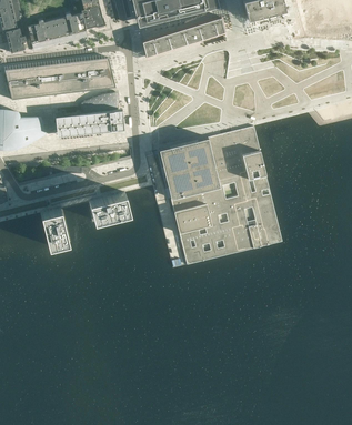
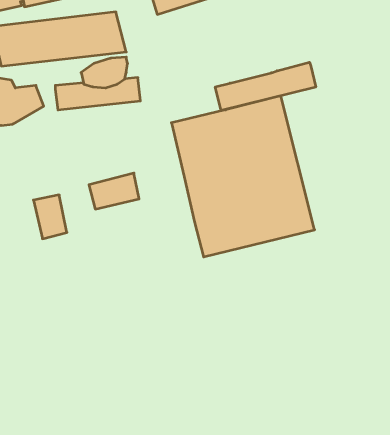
building: none -> [215,62,316,111]

